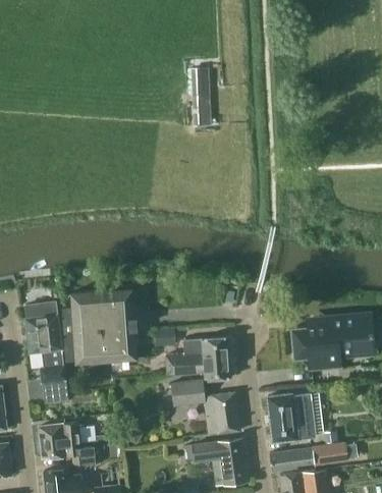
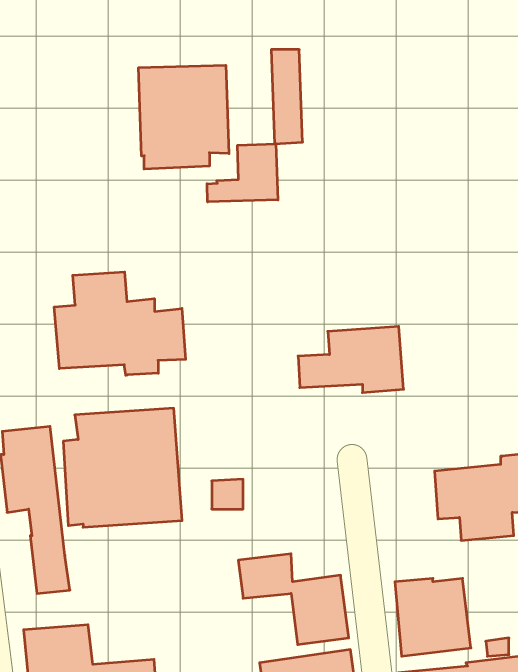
building: none -> [139,65,229,169]
building: none -> [207,144,278,202]
building: none -> [54,272,186,375]
building: [165,337,230,378] -> [298,326,404,393]

